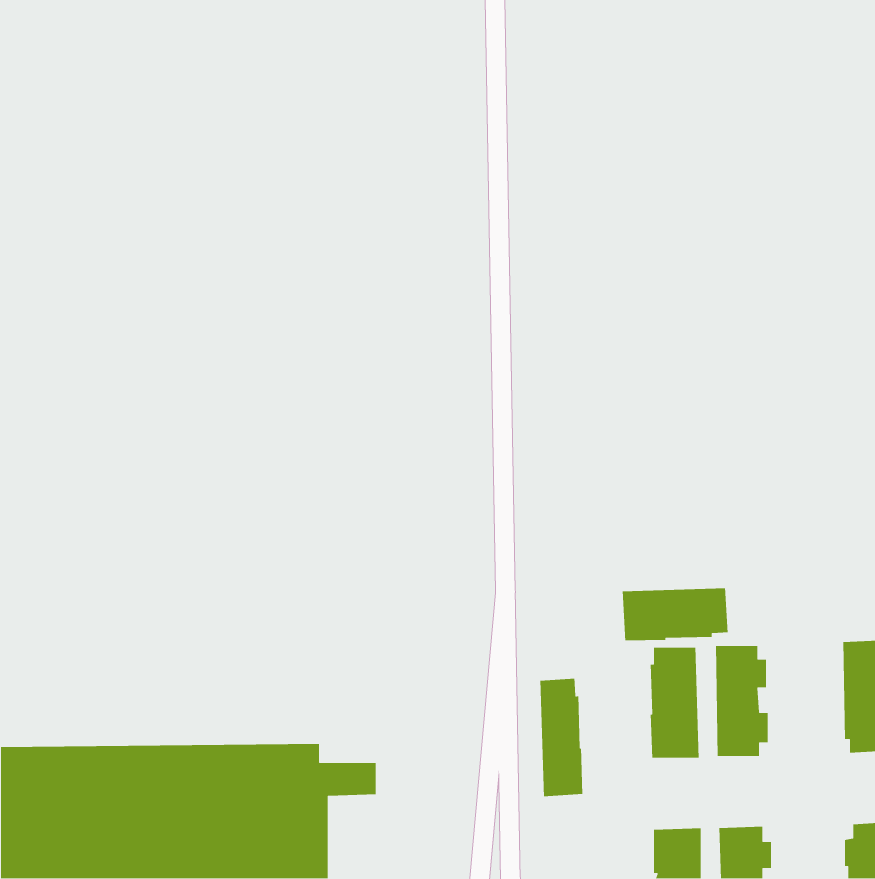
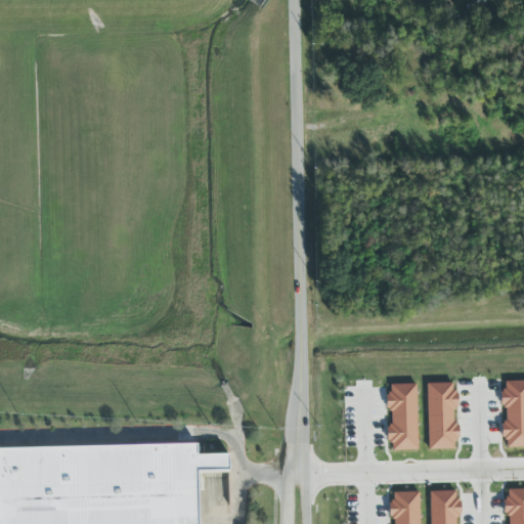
building: [622,588,728,641] -> none
building: [539,678,583,797] -> none

